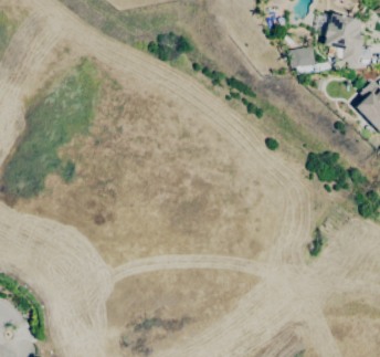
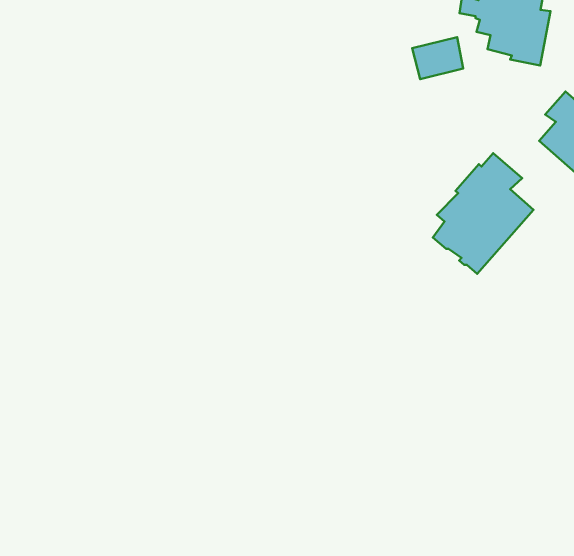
building: none -> [433,153,534,274]

